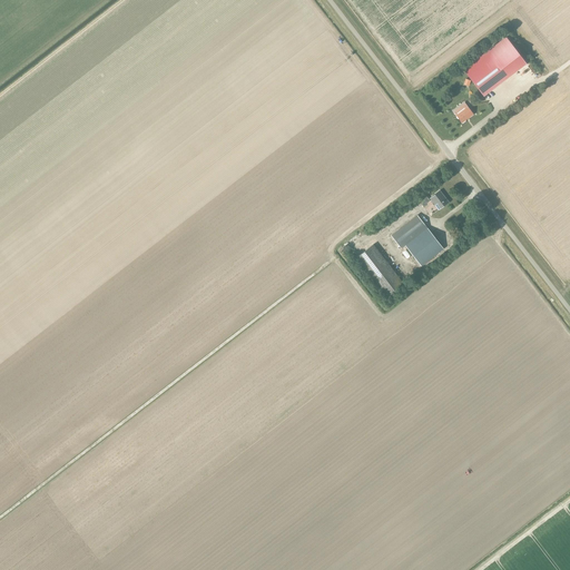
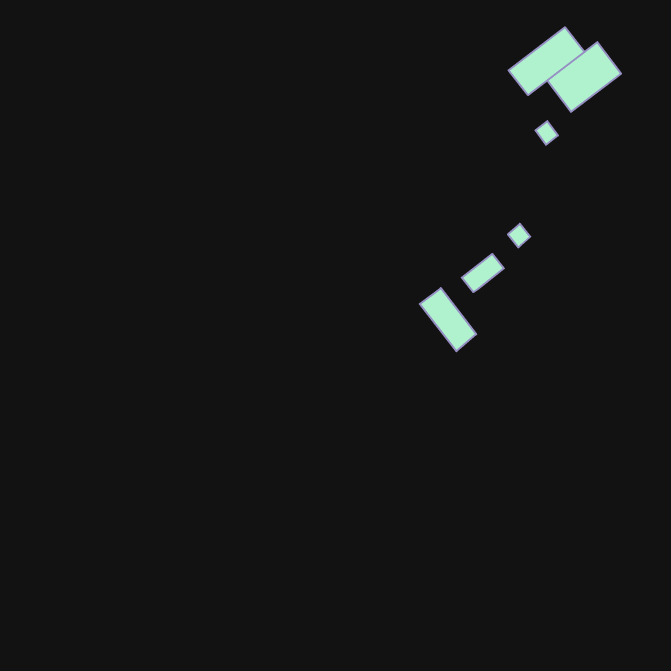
building: none -> [509,27,584,95]
building: [405,227,444,265] -> none

